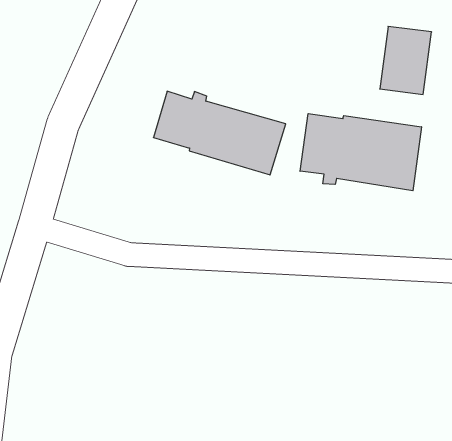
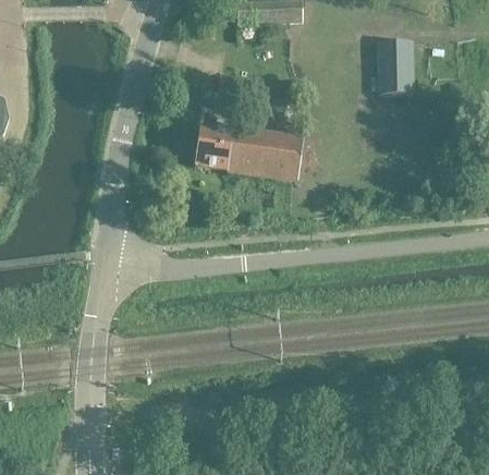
building: [300,114,421,191] -> none

